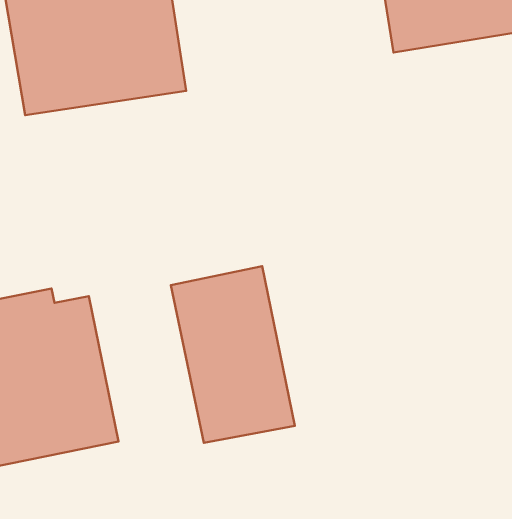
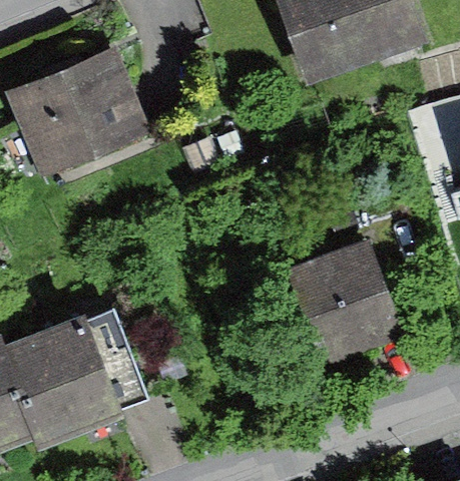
building: [171,266,295,443] -> none
building: none -> [285,235,403,367]

